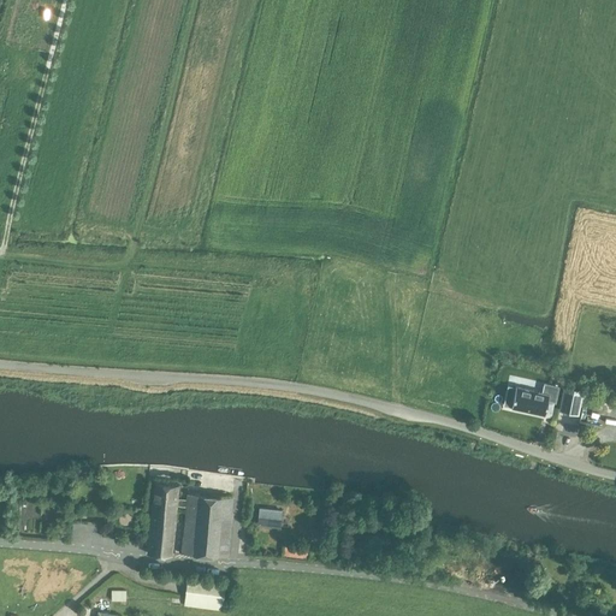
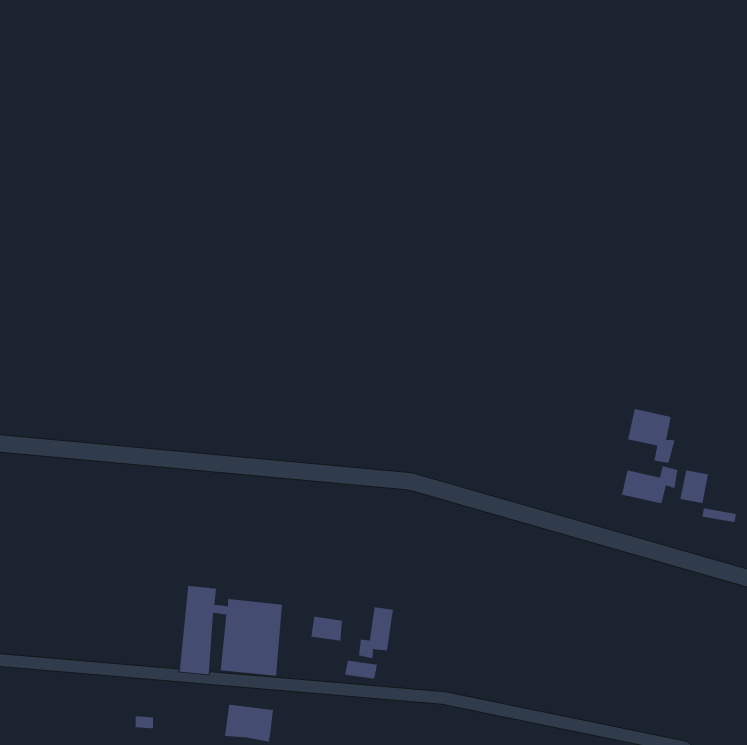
building: none -> [628,408,675,464]
building: none -> [359,607,393,659]

